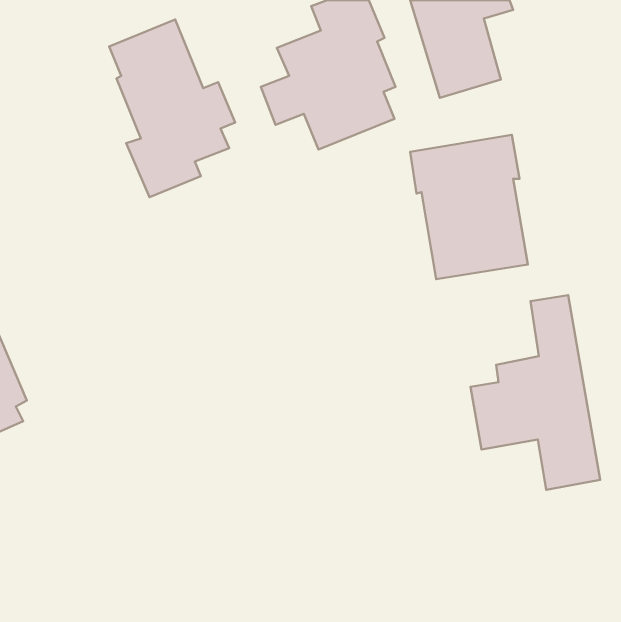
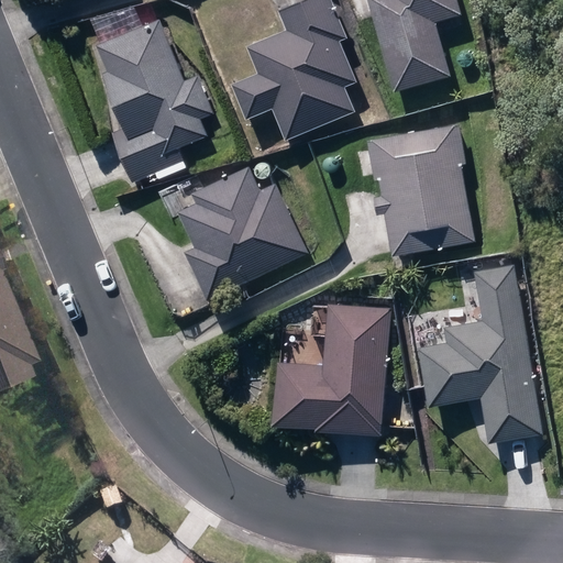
building: none -> [181,167,307,298]
building: none -> [274,303,390,431]

